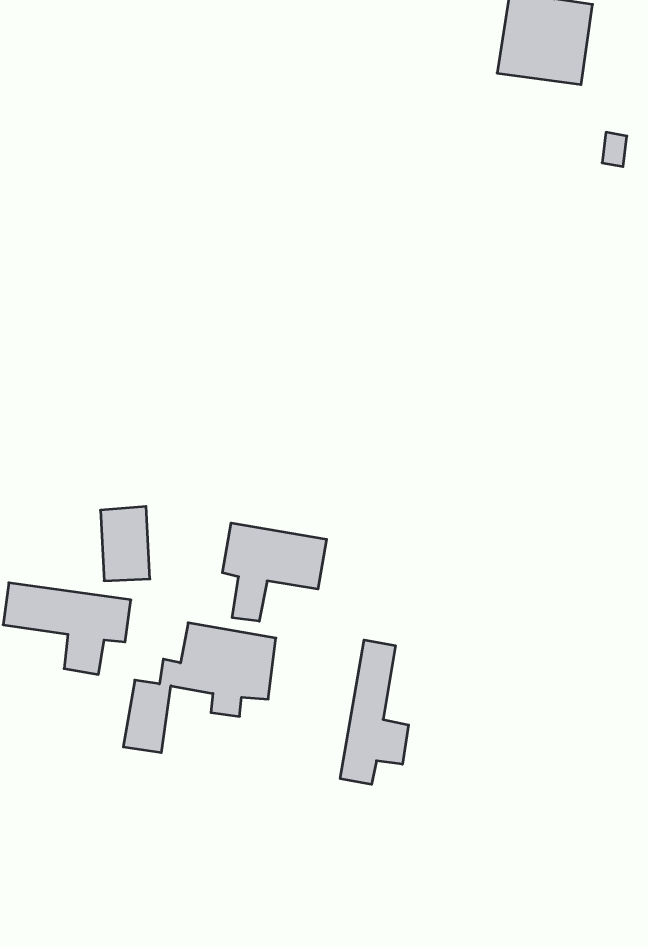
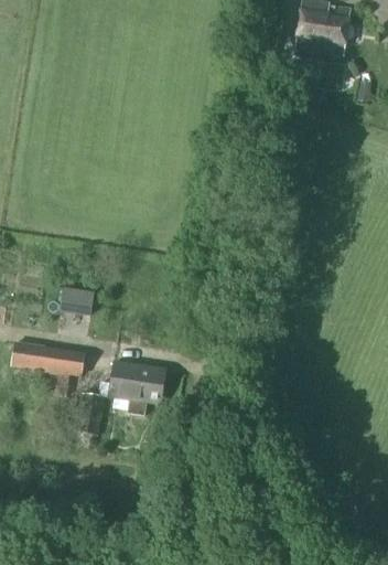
building: [222,523,327,621] -> none
building: [340,640,409,784] -> none

